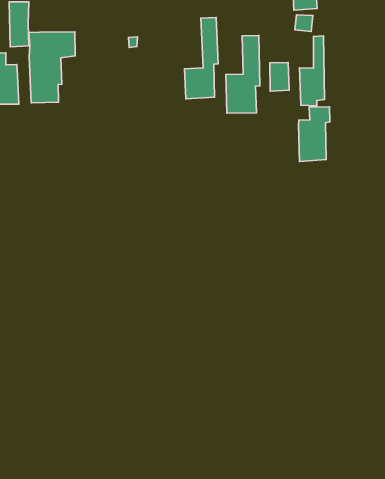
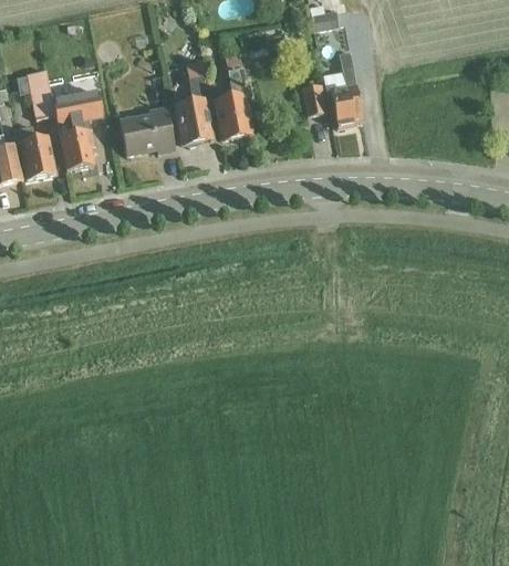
building: [226,35,260,113] -> [175,59,212,143]
building: none -> [117,107,173,155]
building: [299,107,330,161] -> none

